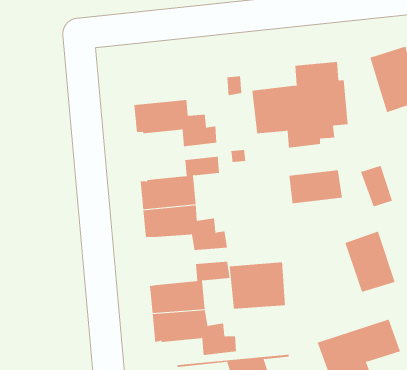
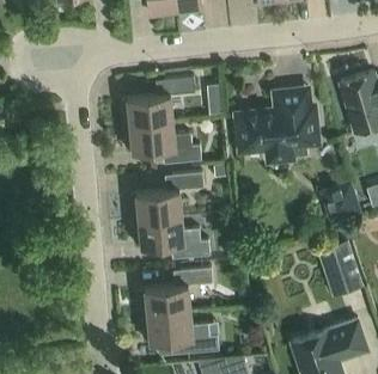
building: none -> [122,78,195,125]
building: [289,169,343,204] -> none
building: [229,262,286,310] -> none

